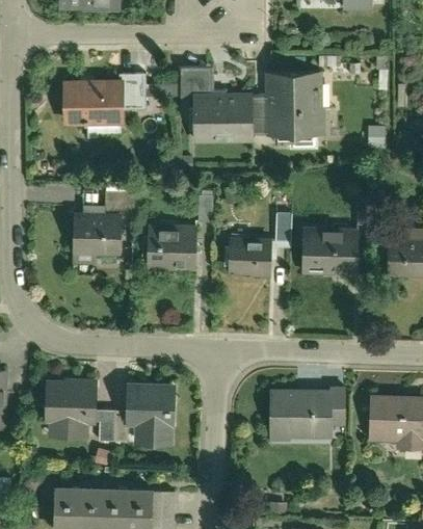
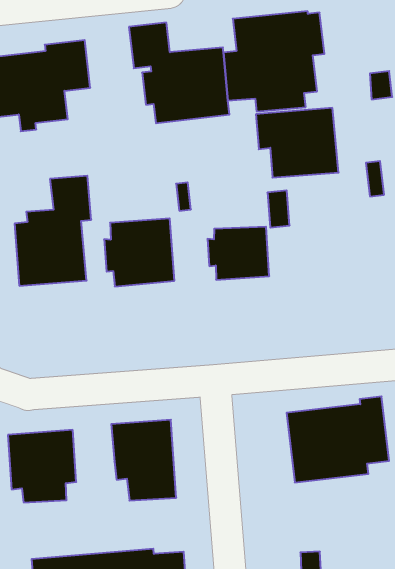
building: [294,223,356,277] -> [256,108,339,178]
building: [100,409,129,441] -> none

